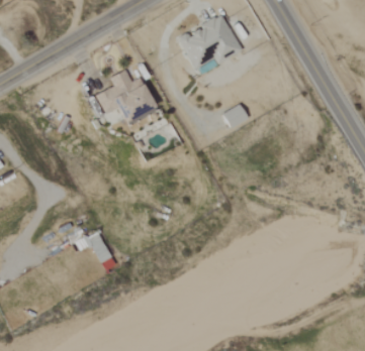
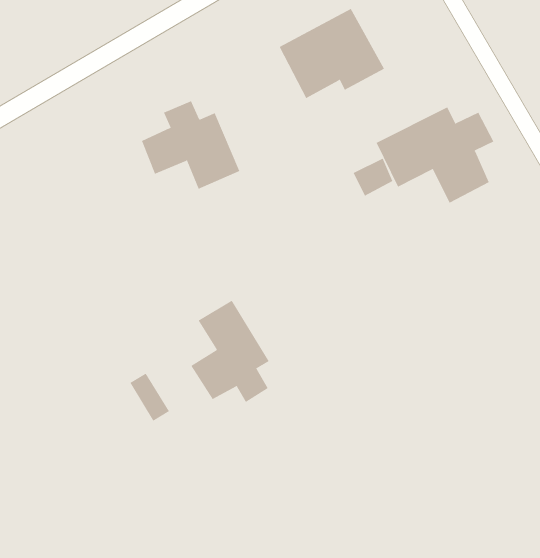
building: none -> [376,107,494,204]
building: none -> [191,300,269,403]

